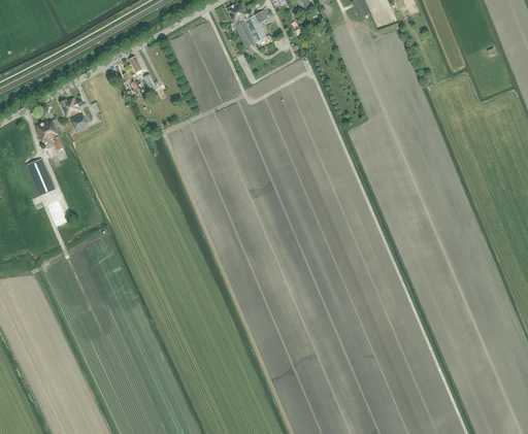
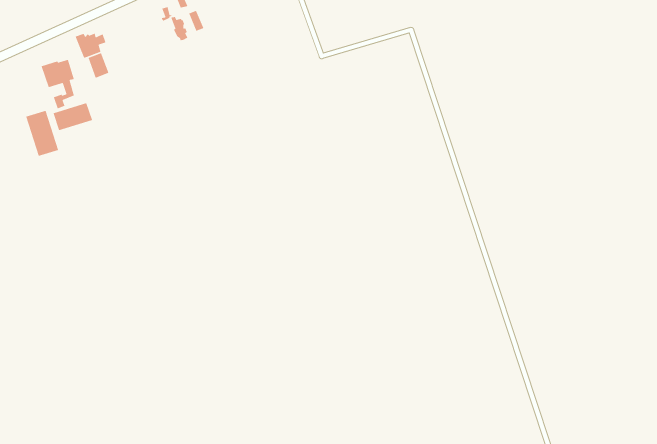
building: none -> [53,102,93,131]

